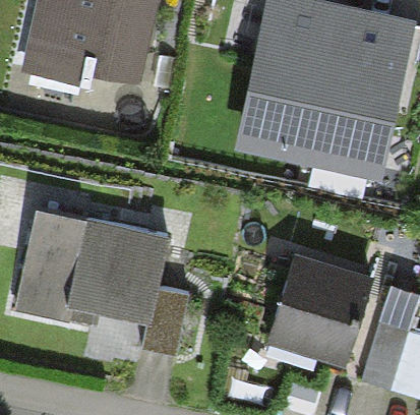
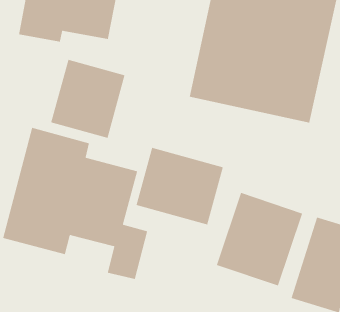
building: none -> [50,59,126,139]
building: none -> [136,147,224,225]

